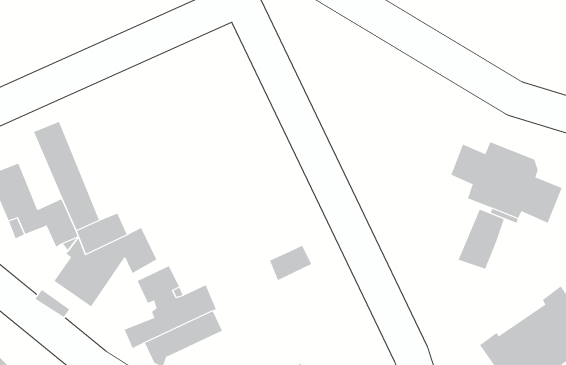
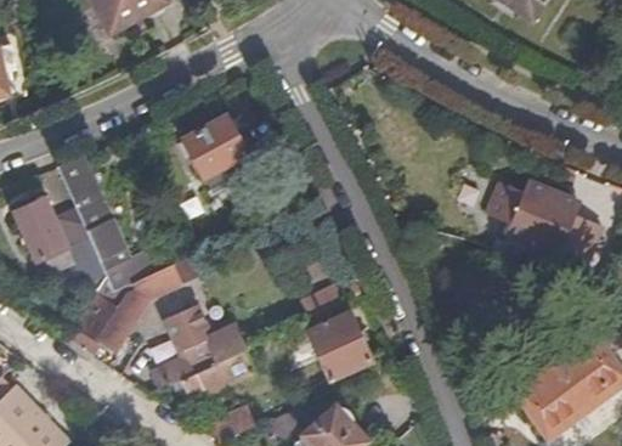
building: none -> [181,113,250,186]
building: [458,209,505,270] -> none
building: none -> [309,310,369,377]

